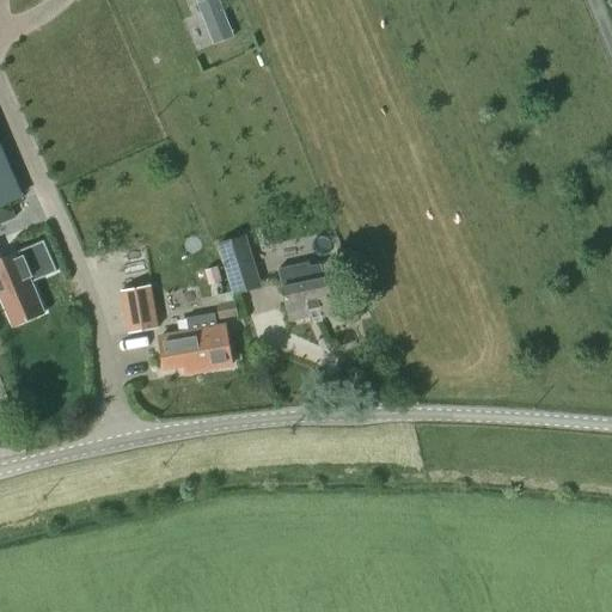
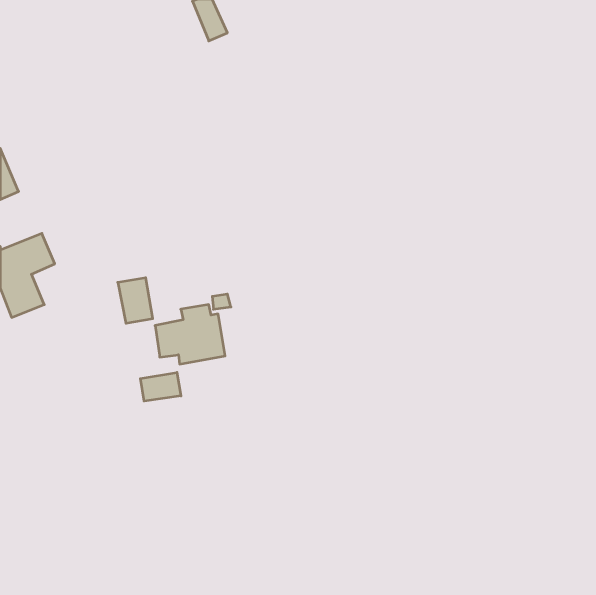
building: [218,234,259,292] -> none
building: [279,263,343,320] -> none
building: none -> [140,372,181,401]

